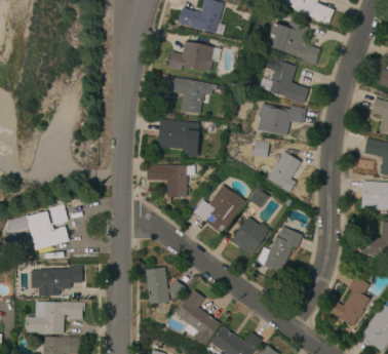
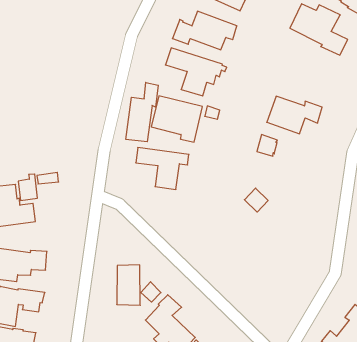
building: [259,60,308,104] -> none
building: none -> [126,82,158,142]
building: [267,151,301,192] -> none
building: [194,186,244,232] -> none
building: [232,217,267,253] -> none
building: [258,227,302,275] -> none

